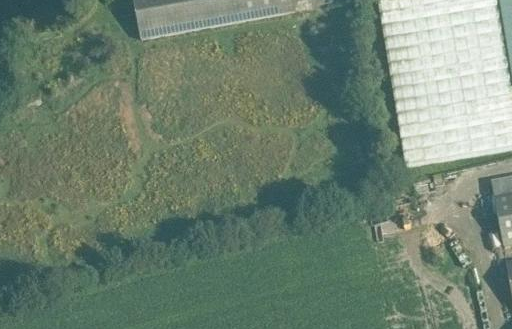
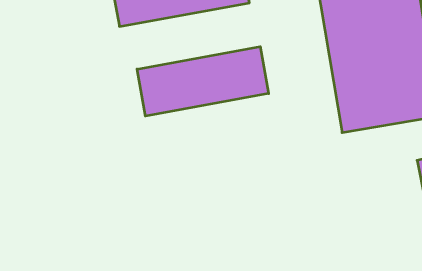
building: none -> [137,47,269,116]

